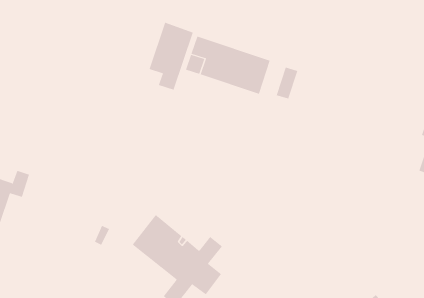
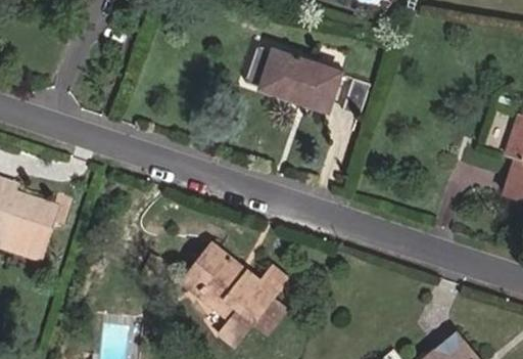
building: [149,22,194,91] -> none

